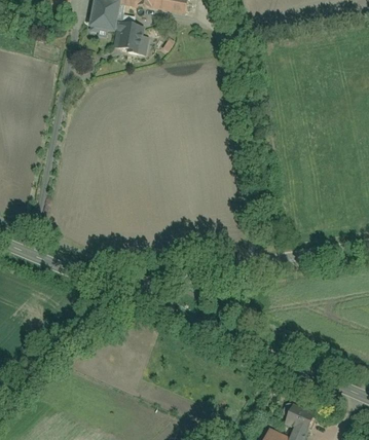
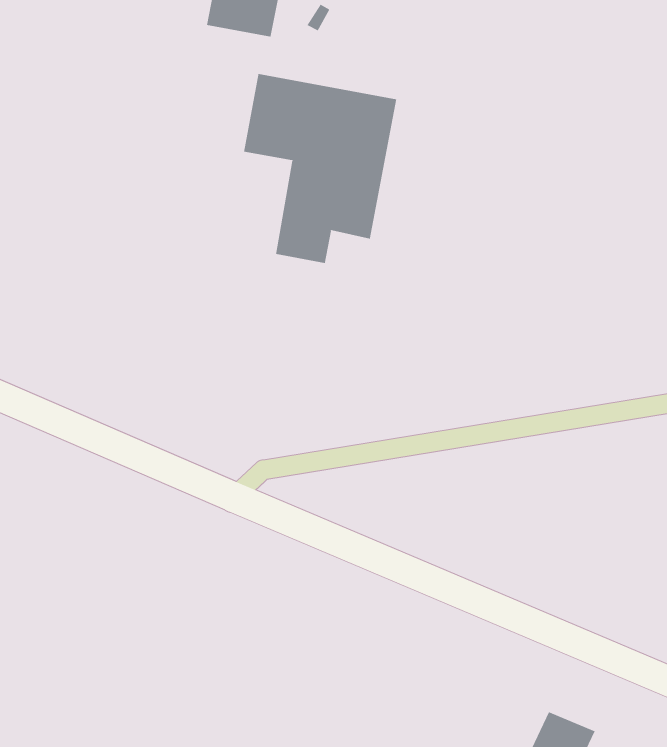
building: none -> [244,73,397,264]

